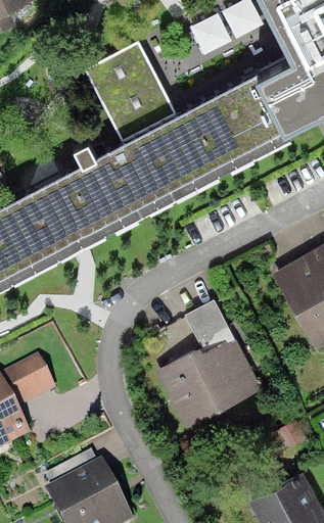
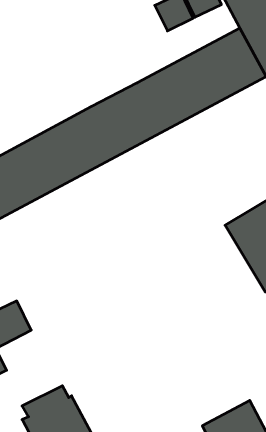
building: [88,44,176,141] -> none
building: [157,298,259,423] -> none

